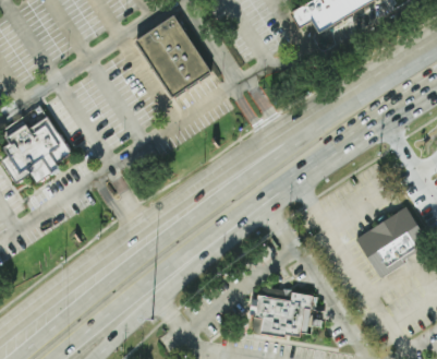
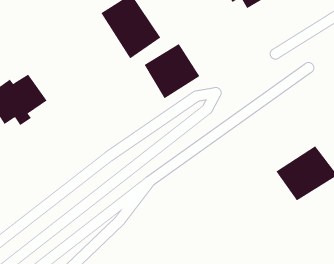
building: none -> [144,43,200,99]
building: [248,291,318,340] -> none

